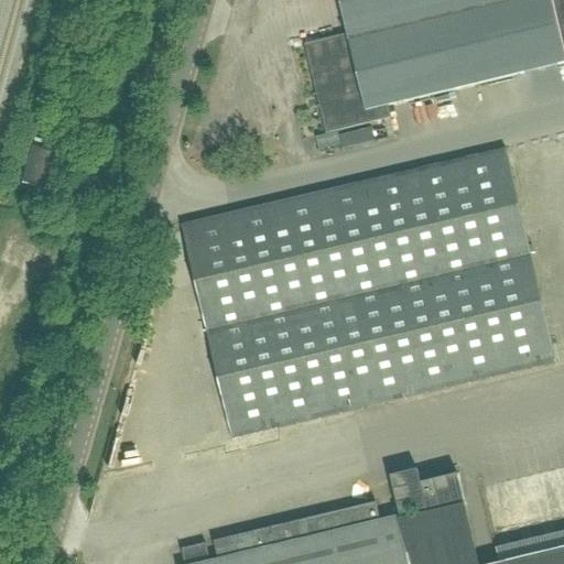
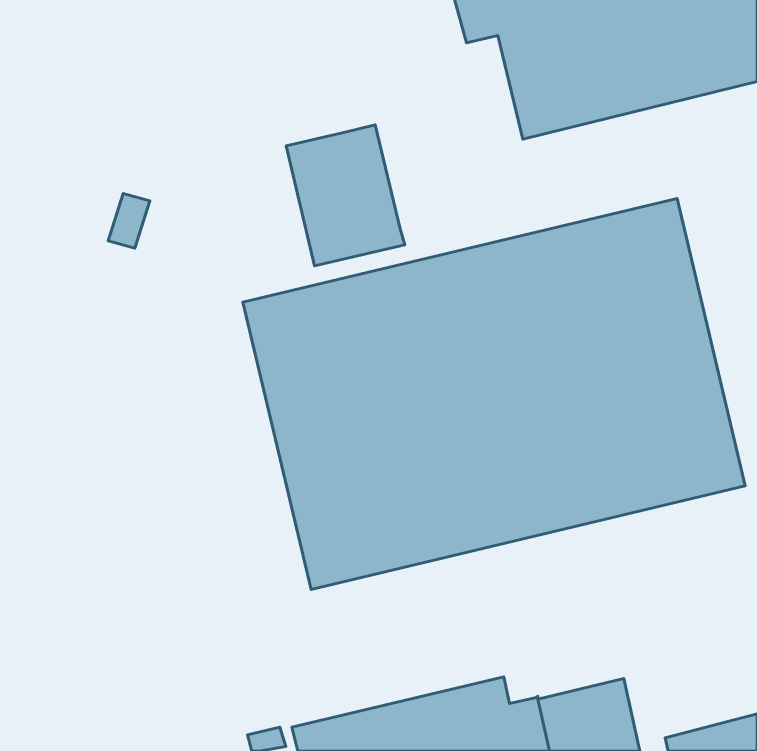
building: [304,26,392,131] -> [286,125,405,266]
building: [20,148,51,188] -> [108,194,150,248]
building: [388,467,464,520] -> none

